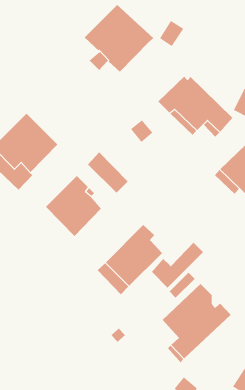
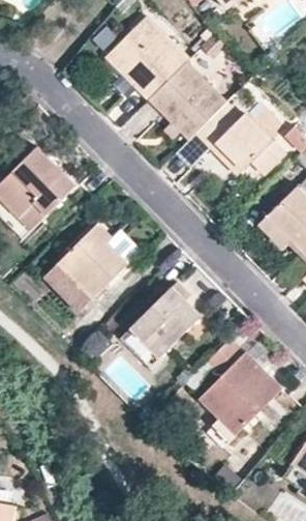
building: none -> [148,60,225,138]
building: [87,152,128,194] -> [43,260,93,311]
building: [151,242,204,288] -> none

